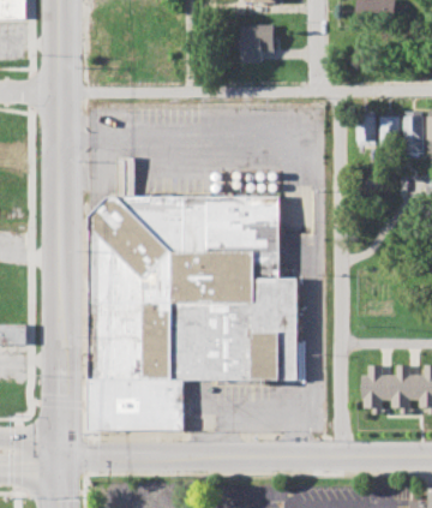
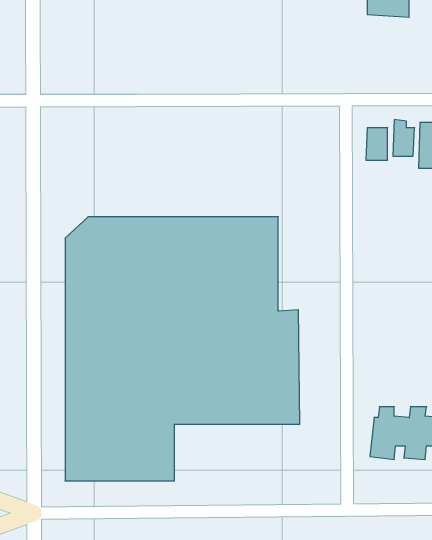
building: [242,24,276,62] -> none

